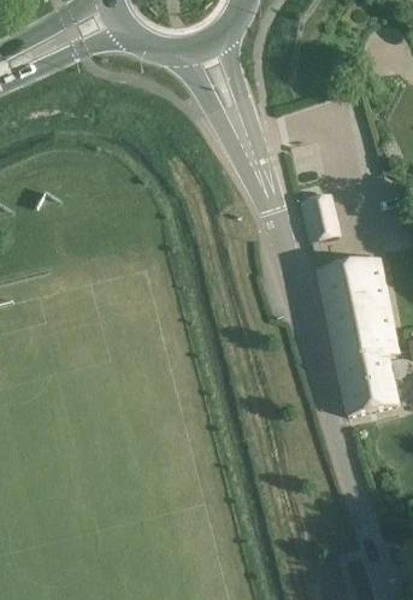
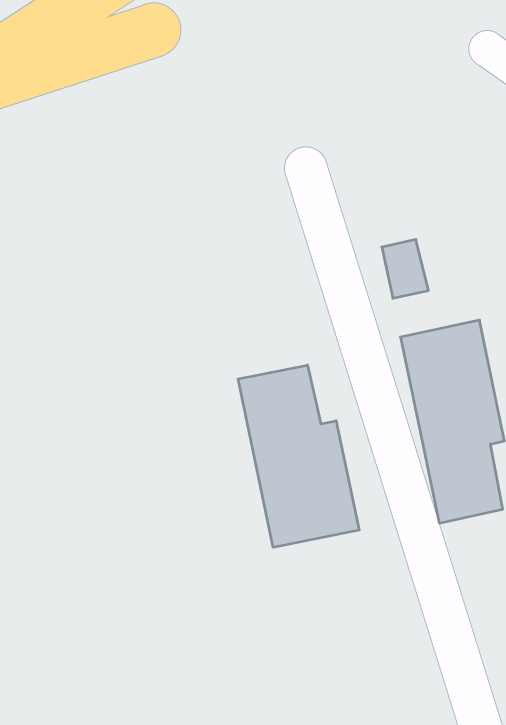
building: none -> [238,365,359,547]

